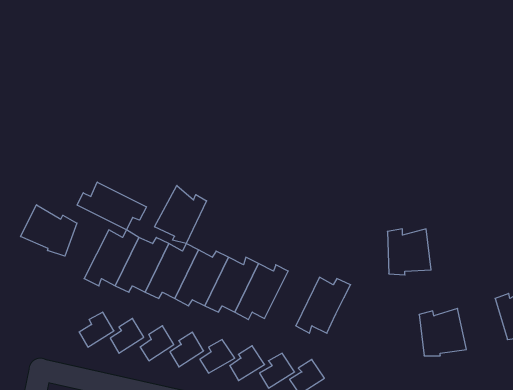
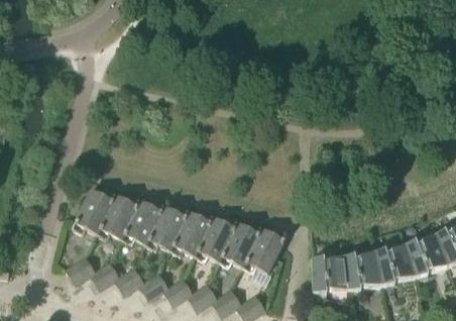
building: [77,182,146,230] -> none
building: [155,185,207,244] -> none
building: [21,205,77,256] -> none
building: [387,229,431,275] -> [312,257,347,295]
building: none -> [218,222,262,266]
building: none -> [374,244,415,286]

